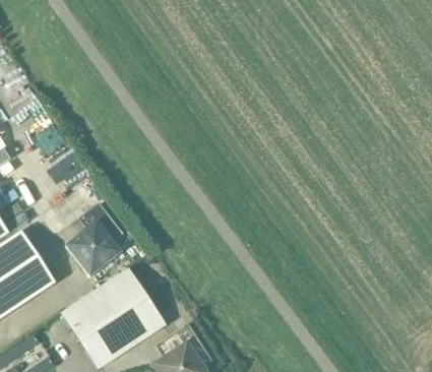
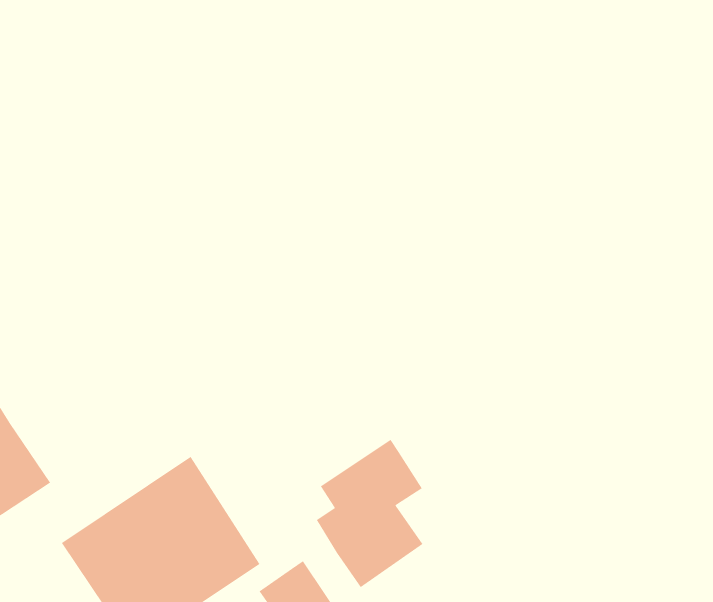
building: [65,201,123,274] -> none
building: none -> [316,439,424,588]

